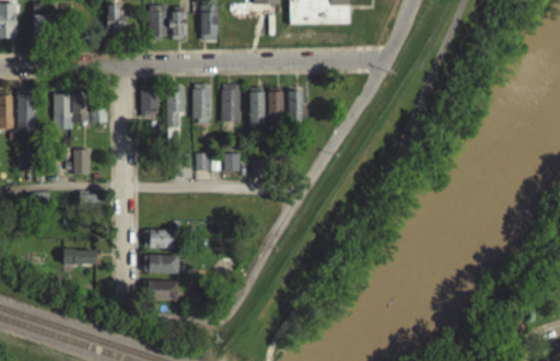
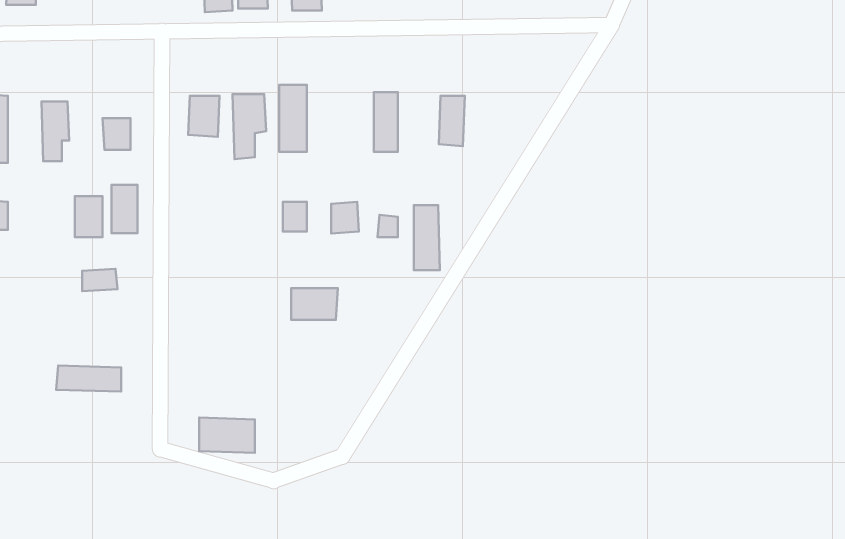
building: [221,84,241,121] -> none
building: [268,88,283,126] -> [414,205,440,270]
building: [72,94,88,123] -> [111,185,137,233]
building: [147,230,174,248] -> [291,288,338,320]
building: [144,255,179,273] -> none

